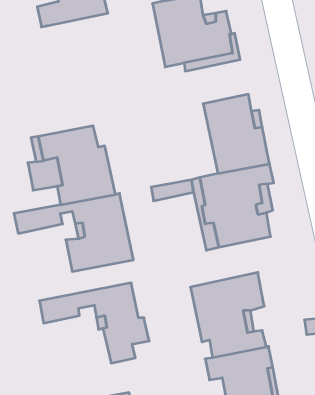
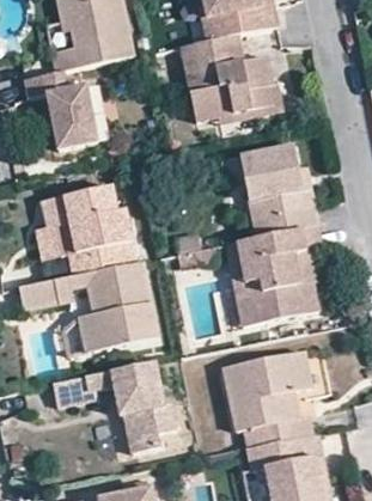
building: none -> [26,69,99,146]

